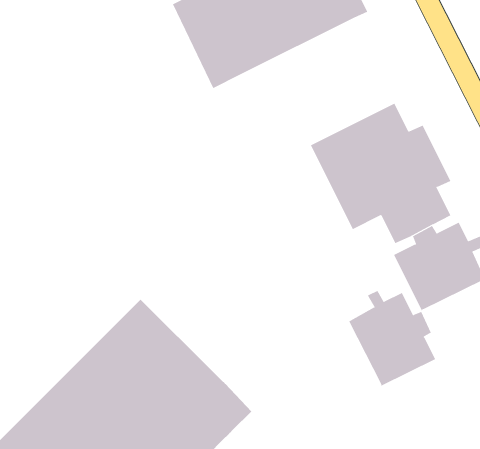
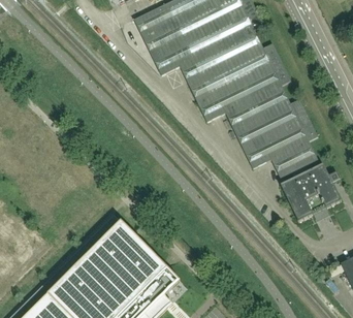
building: none -> [180,29,290,122]
building: [348,289,436,387] -> none

